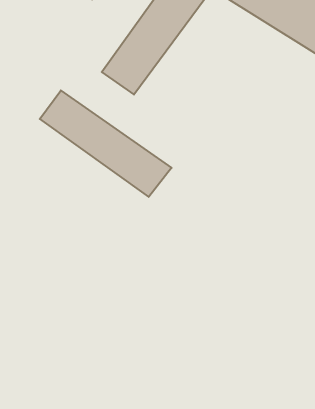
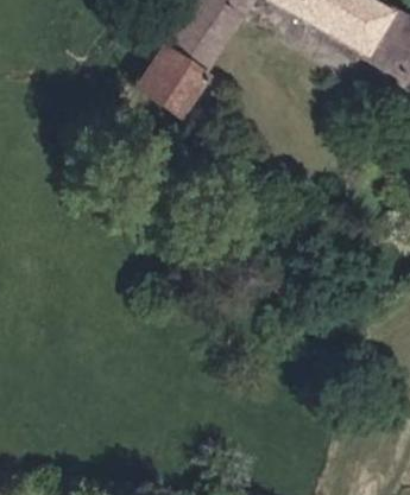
building: [40,90,172,197] -> none

